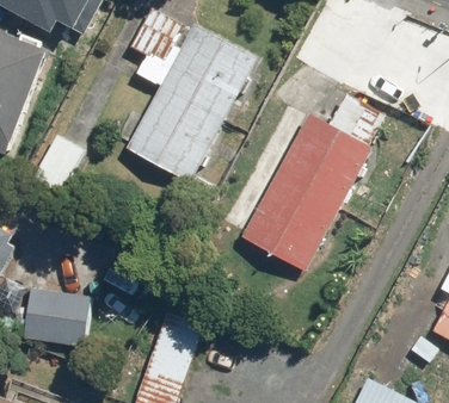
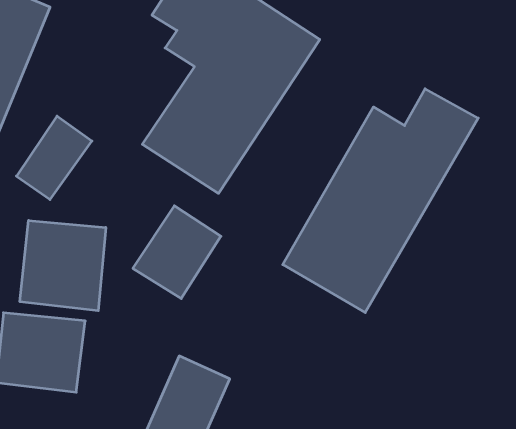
building: none -> [133,206,221,299]
building: none -> [20,220,106,311]

